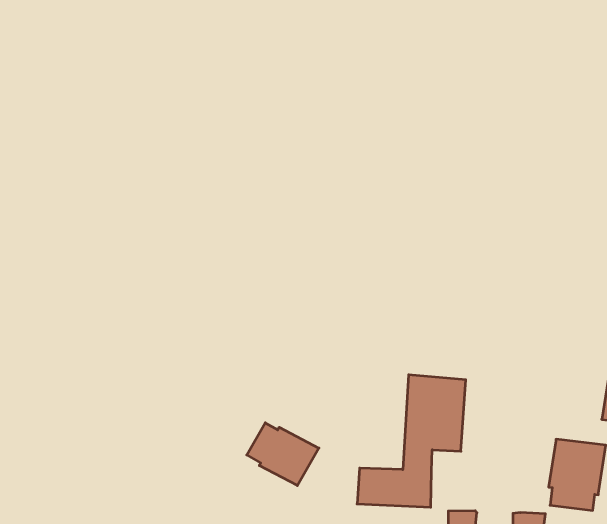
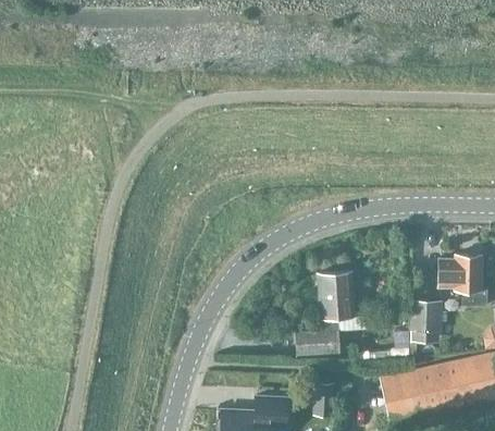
building: [247,423,319,486] -> none

